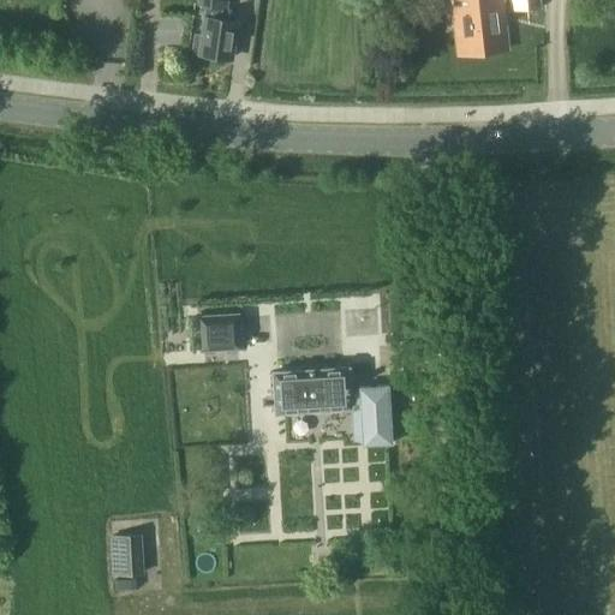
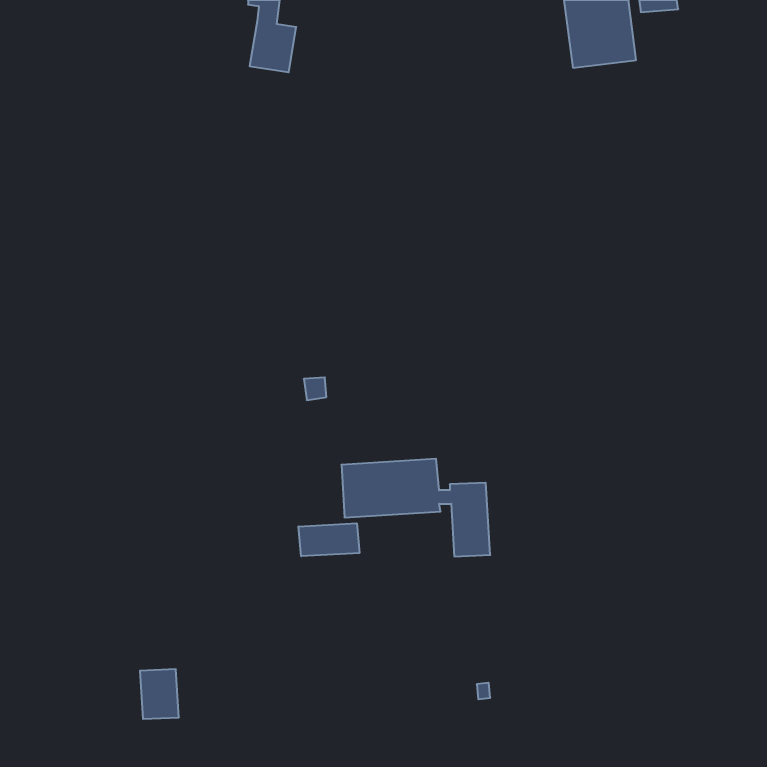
building: [199,315,243,352] -> none
building: none -> [299,523,359,556]

